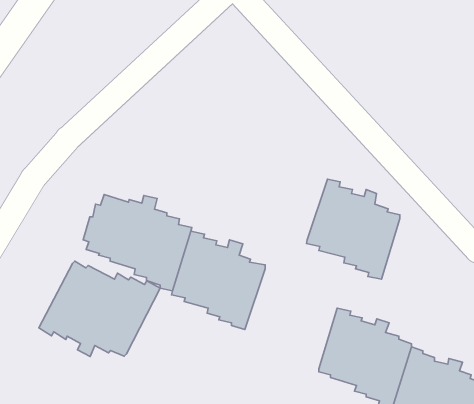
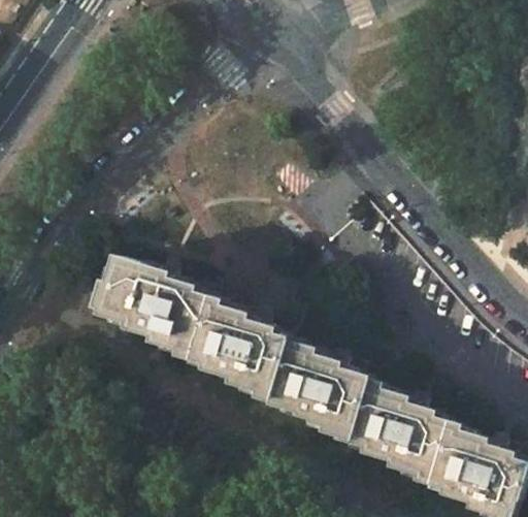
building: [306,179,400,279] -> [265,335,365,443]
building: [39,261,160,356] -> none

